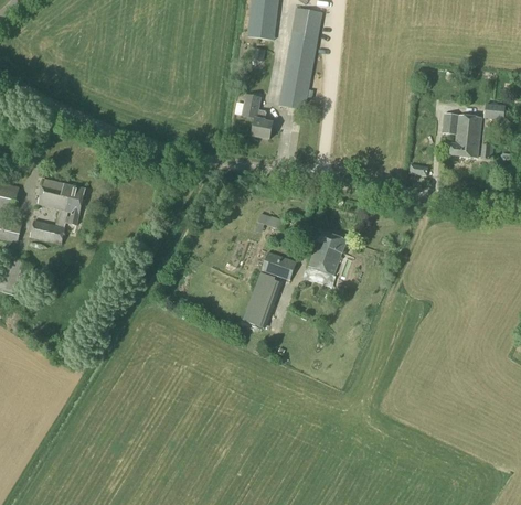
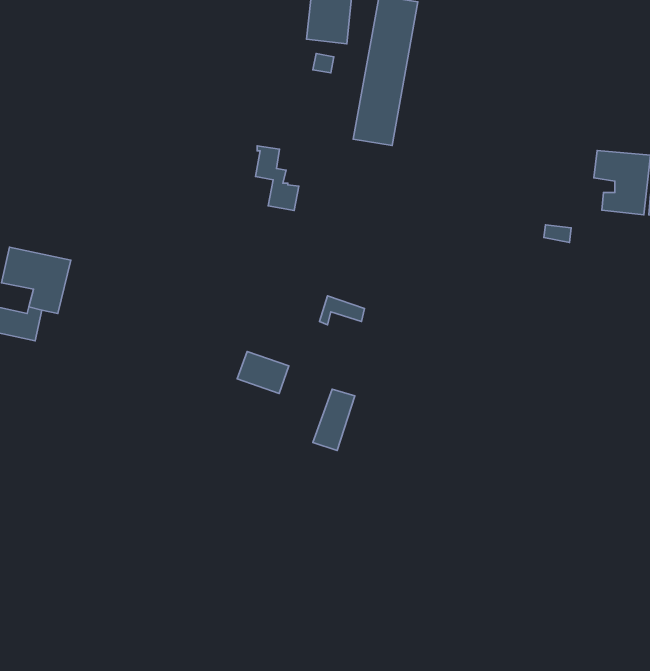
building: [243,94,273,138] -> [255,146,299,211]
building: [308,228,347,273] -> none
building: [260,250,296,279] -> [237,351,289,393]

